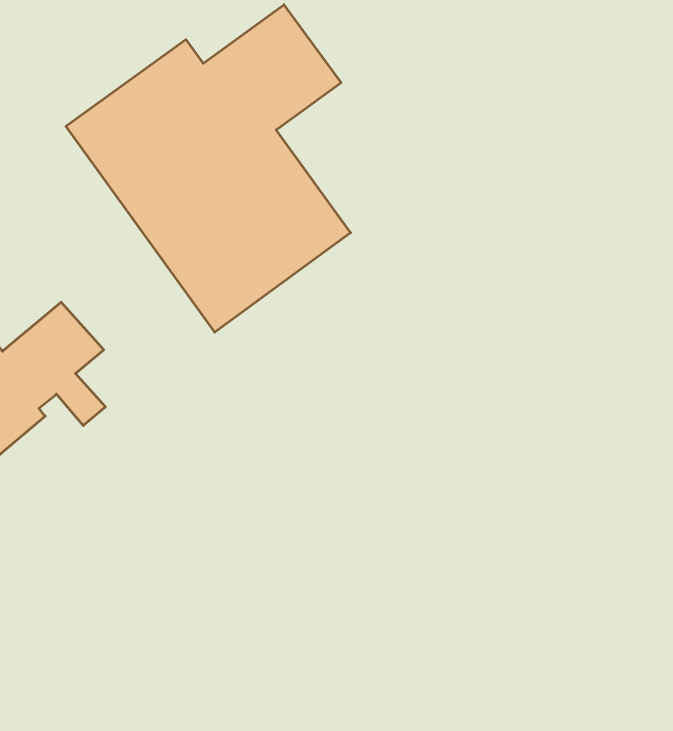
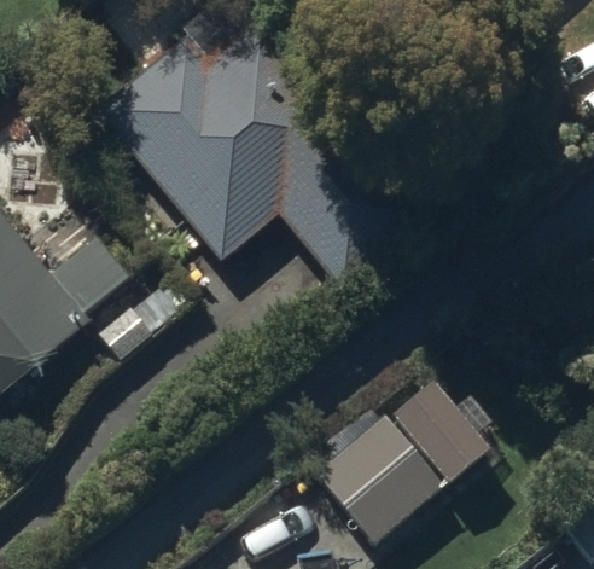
building: none -> [316,414,443,541]

